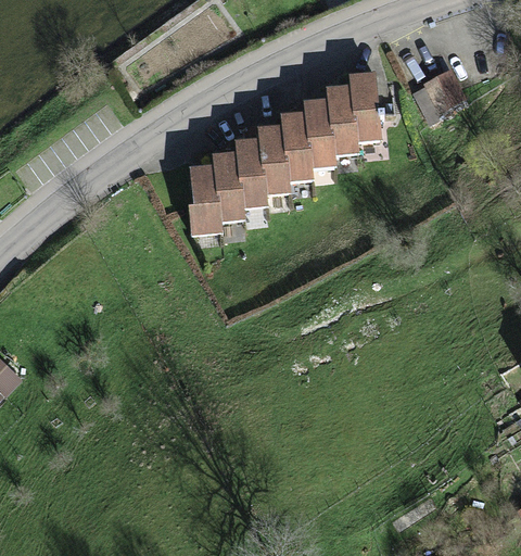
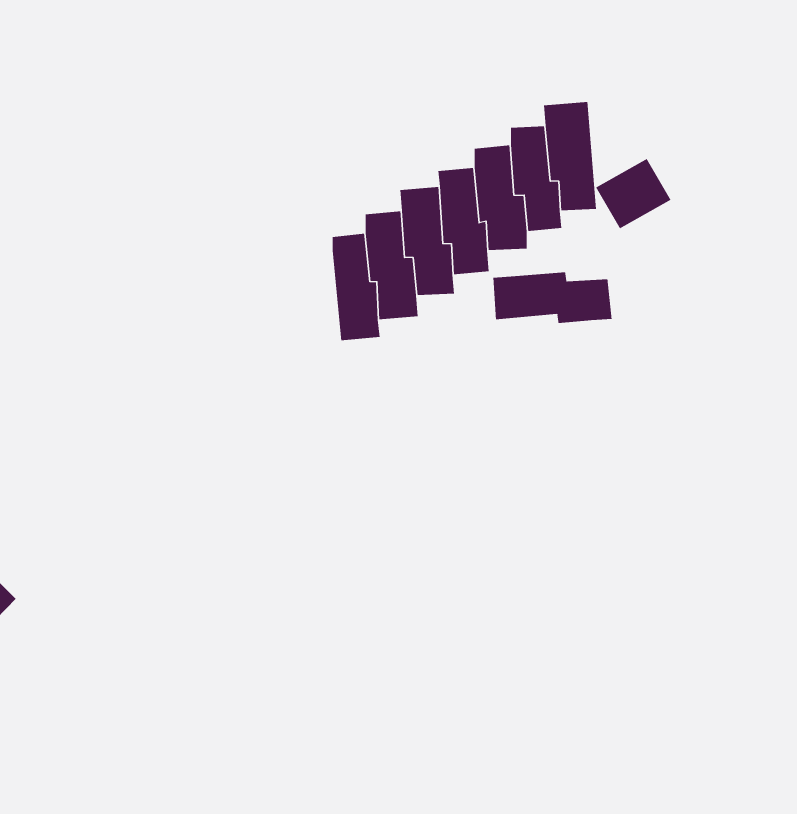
building: [412,68,460,113] -> [595,158,671,229]
building: [190,165,221,235] -> none
building: none -> [493,272,612,324]

